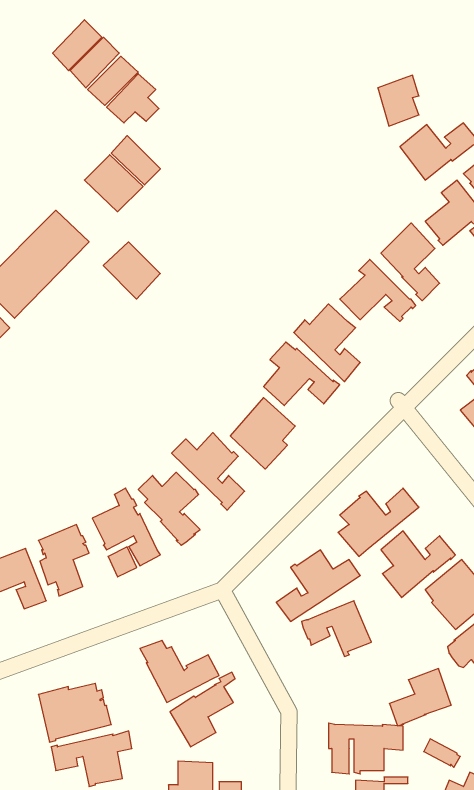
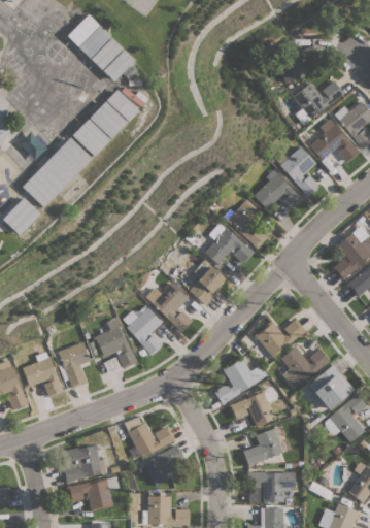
building: [103,242,160,299] -> [71,119,108,156]
building: [389,669,451,726] -> [242,428,282,465]

